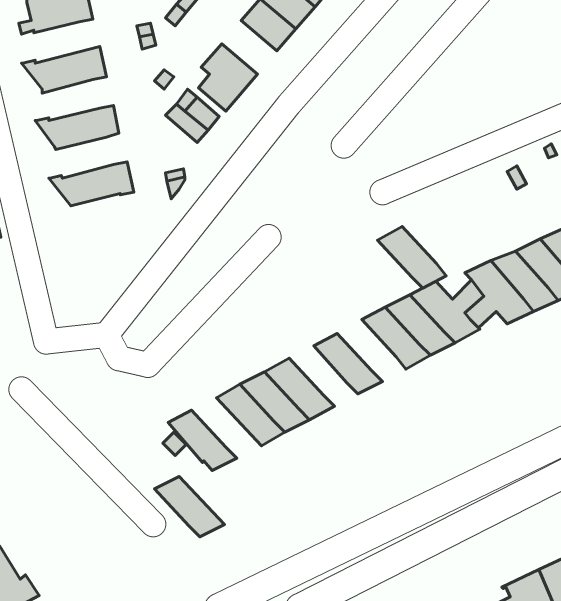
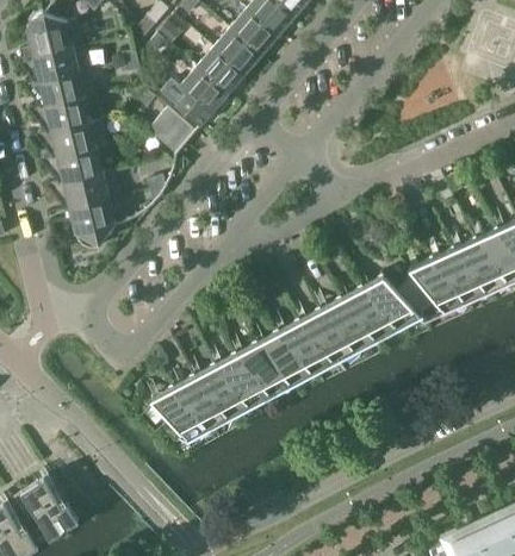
building: none -> [17,48,91,86]
building: none -> [197,49,244,95]
building: none -> [29,100,91,136]
building: none -> [41,150,103,186]
building: none -> [66,199,114,250]
building: [377,226,446,288] -> [297,308,356,362]
building: none -> [255,331,315,383]
building: [155,476,225,537] -> [170,376,231,429]
building: none -> [12,479,77,539]

